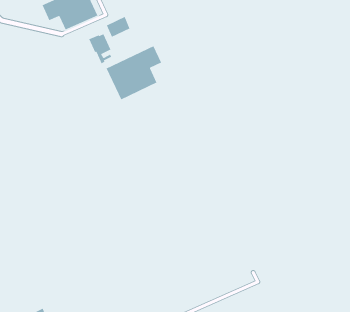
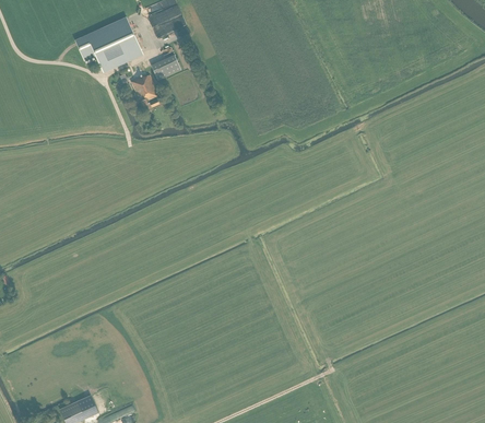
building: [106,45,162,101] -> none

